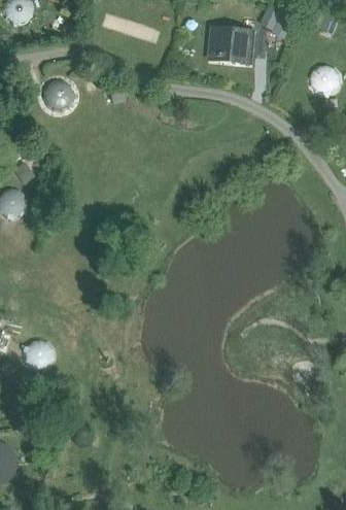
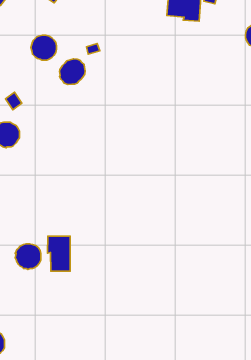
building: none -> [59,59,85,85]
building: none -> [47,236,70,271]

